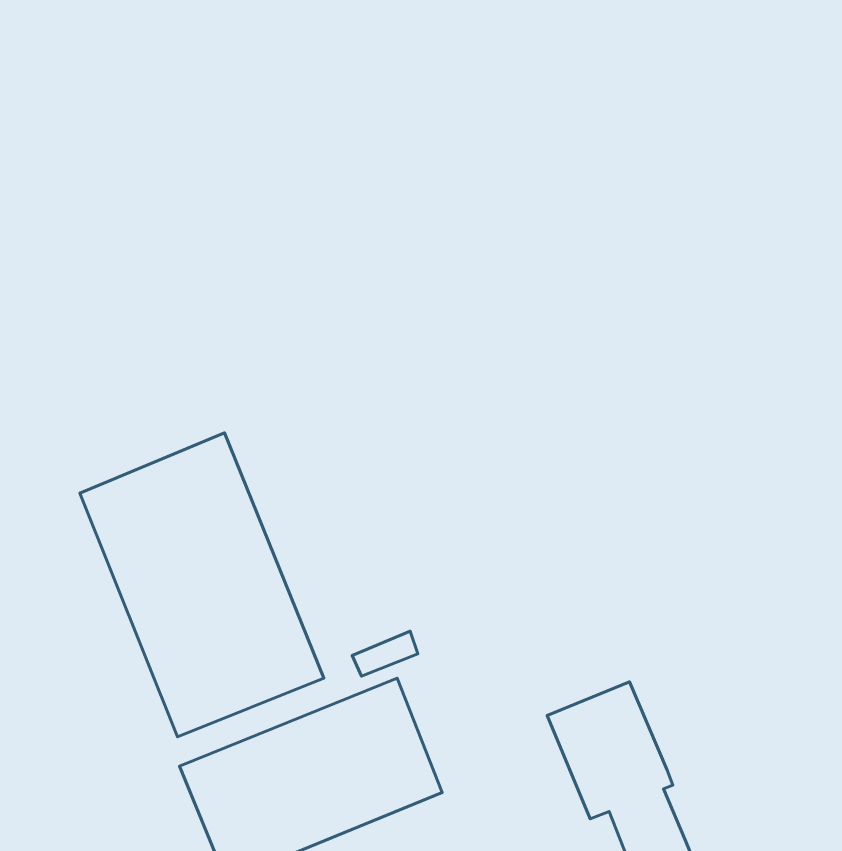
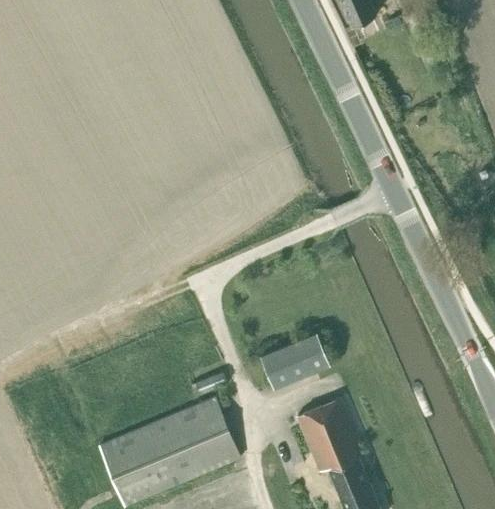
building: [80,433,324,737] -> none
building: none -> [260,334,329,388]

